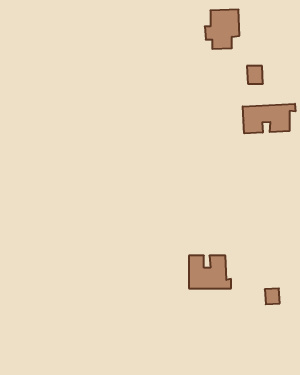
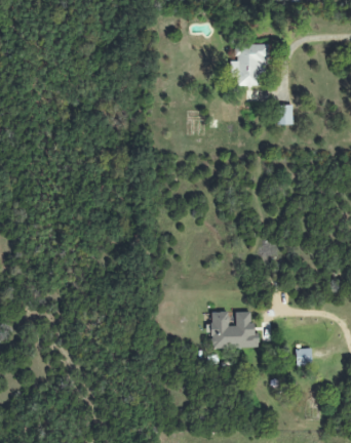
building: [243,104,295,133] -> none

